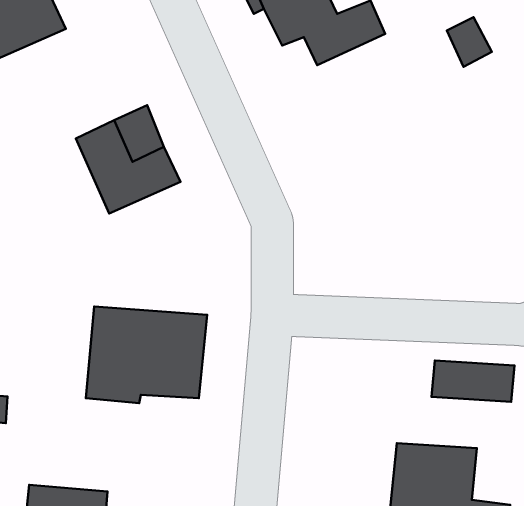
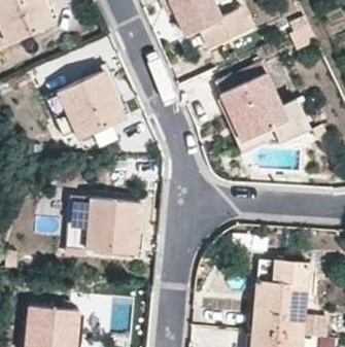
building: none -> [220,73,310,143]
building: [431,360,515,402] -> [257,258,309,284]

